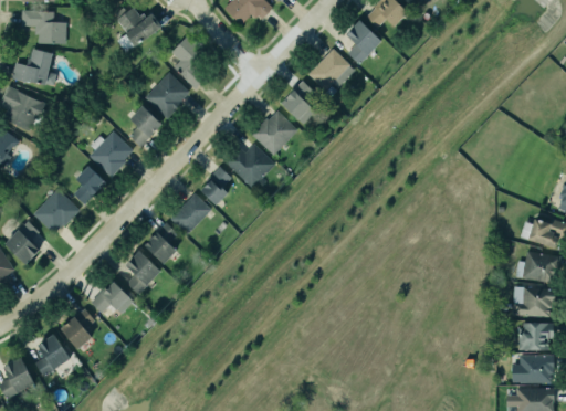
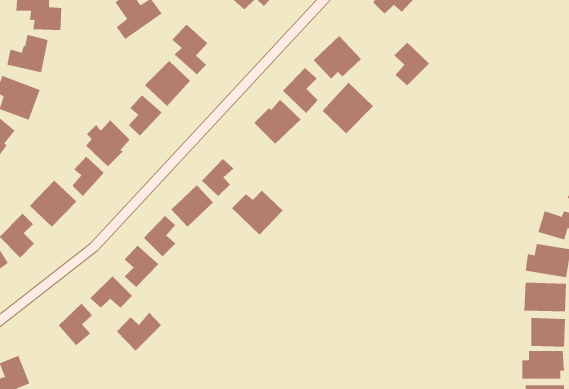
building: [345,21,380,64] -> [393,42,430,86]
building: none -> [322,82,374,134]
building: [223,144,274,188] -> [231,190,284,236]
building: none -> [116,312,162,351]
building: [35,335,71,376] -> none

